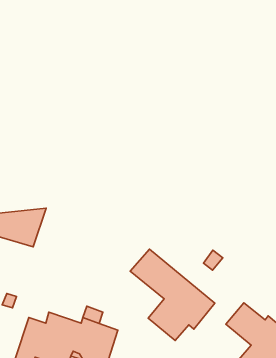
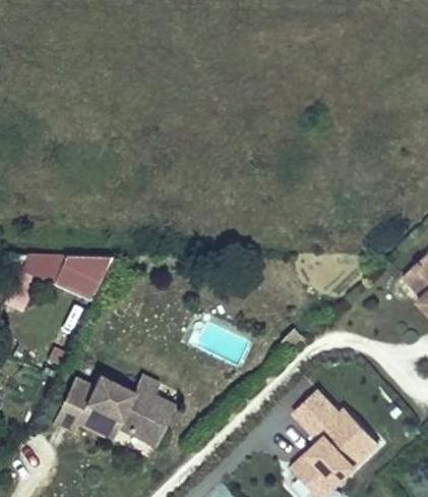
building: [130,249,215,341] -> none

